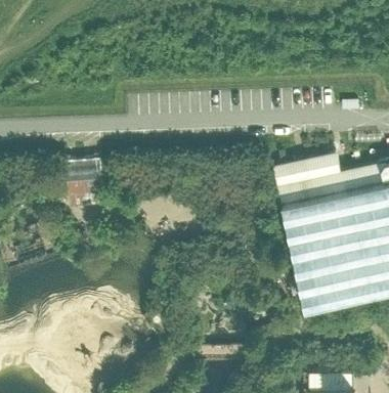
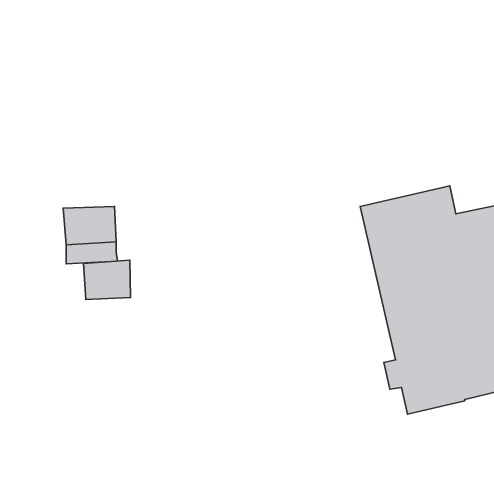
building: none -> [84,260,131,299]

